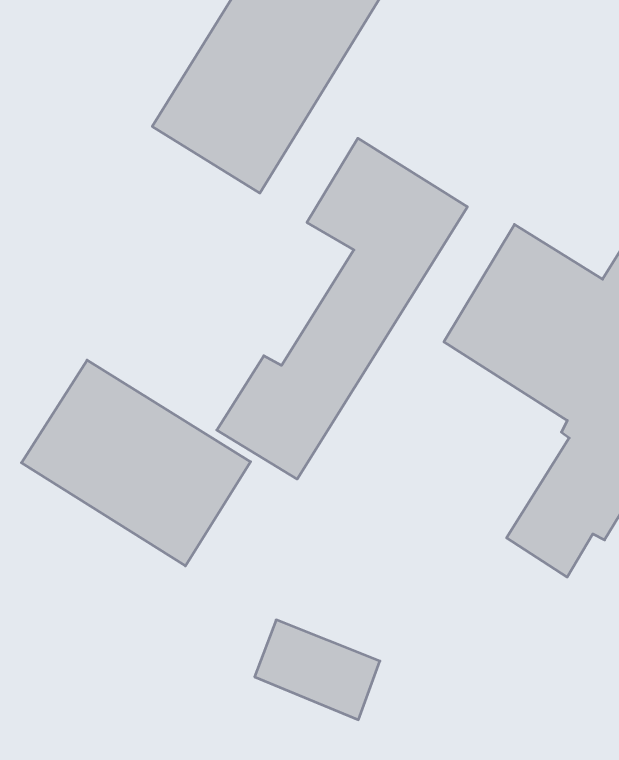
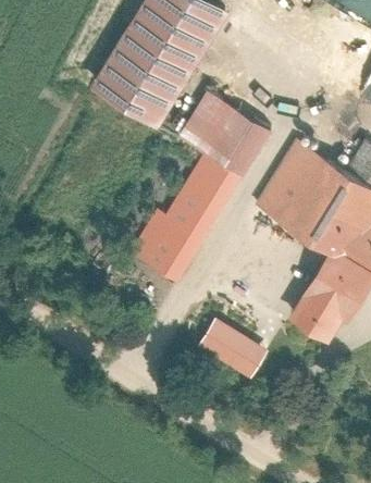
building: [21,360,251,566] -> none
building: [255,620,380,720] -> [203,322,273,377]

